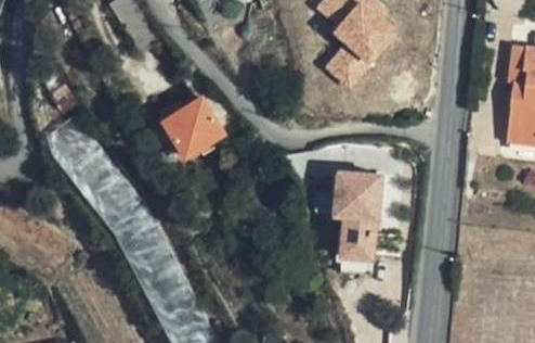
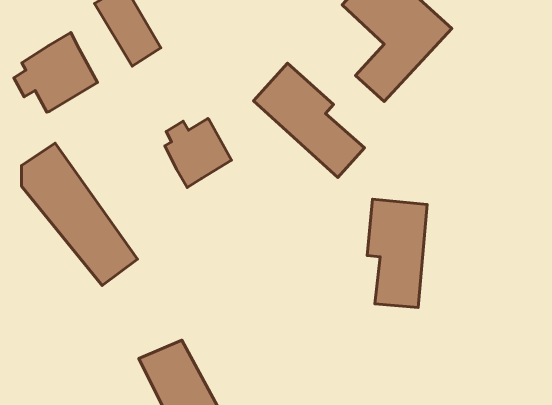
building: none -> [14,32,97,112]
building: none -> [254,63,365,177]
building: [116,225,182,298] -> none

